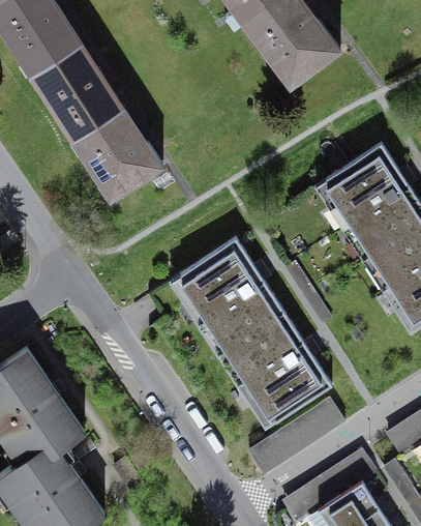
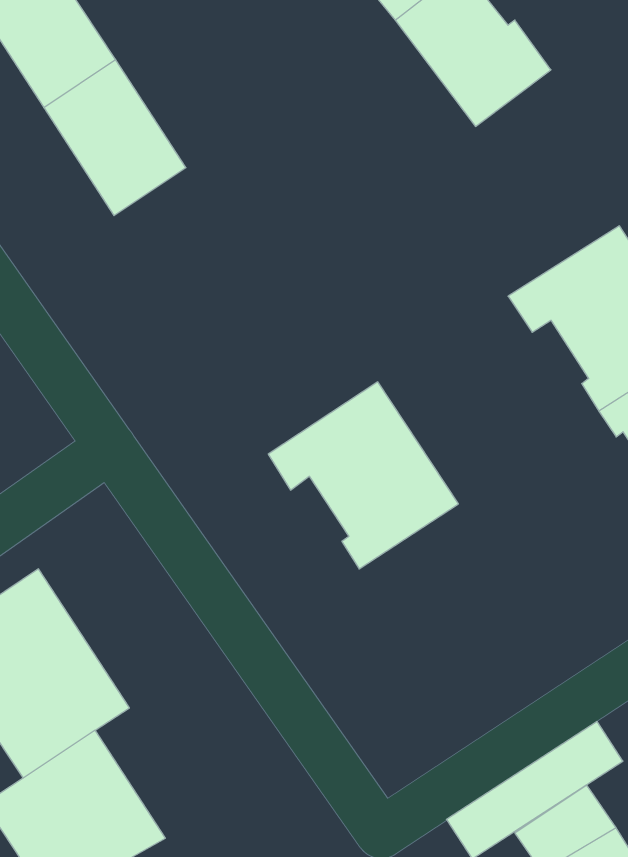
building: [74,109,160,196] -> none
building: [222,312,330,430] -> none
building: [242,394,349,477] -> none

